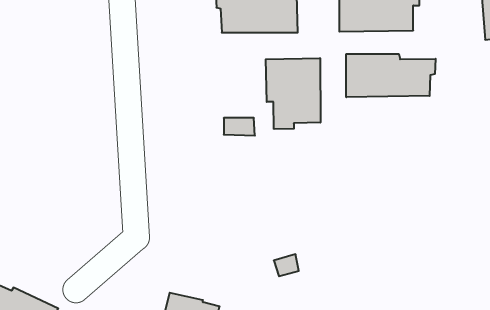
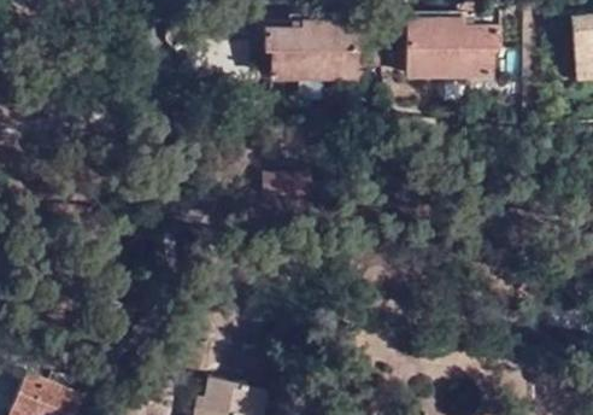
building: [346,54,436,97] -> none
building: [266,58,320,129] -> none

